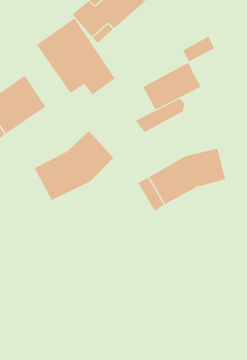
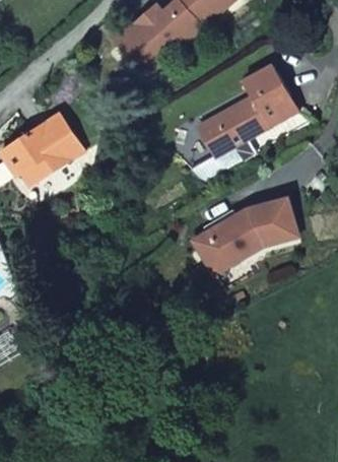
building: [36,18,115,95] -> none
building: none -> [252,79,298,125]
building: [34,130,114,201] -> none

